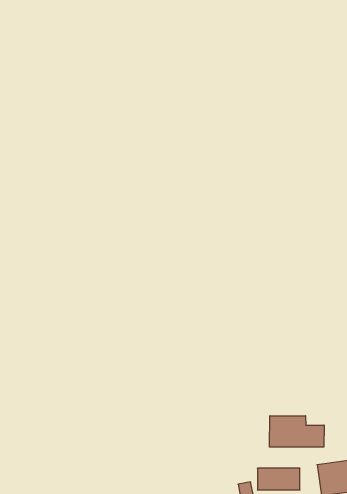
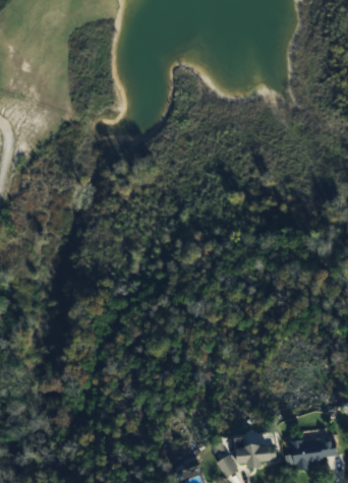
building: [270,416,324,447] -> none

